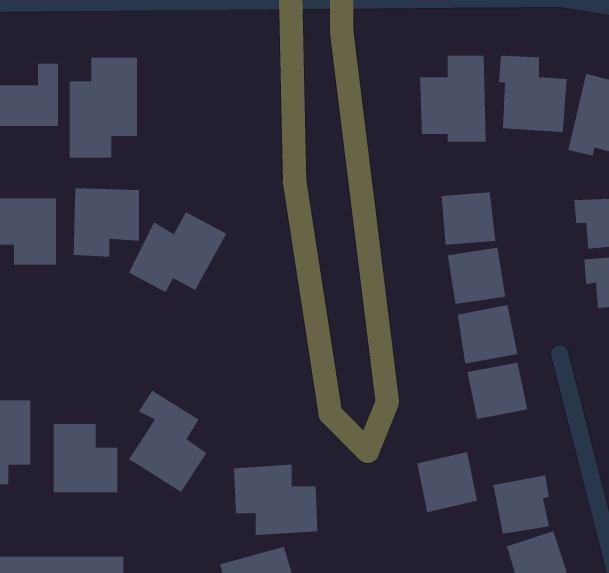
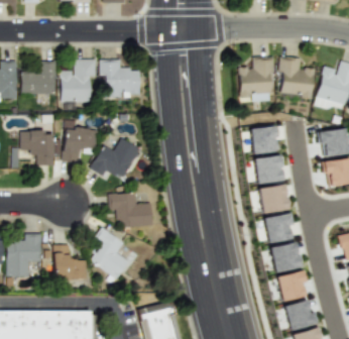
building: none -> [100,60,141,98]
building: [416,451,478,513] -> [269,242,301,273]
building: [233,464,318,535] -> [110,192,153,228]

